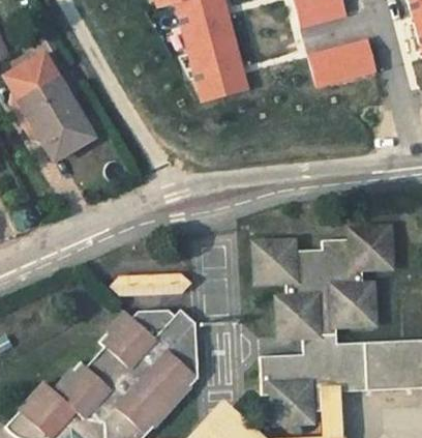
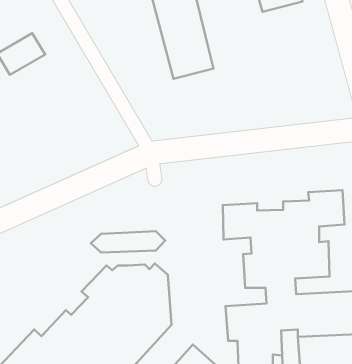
building: [308,45,374,89] -> none
building: [20,77,94,157] -> none

